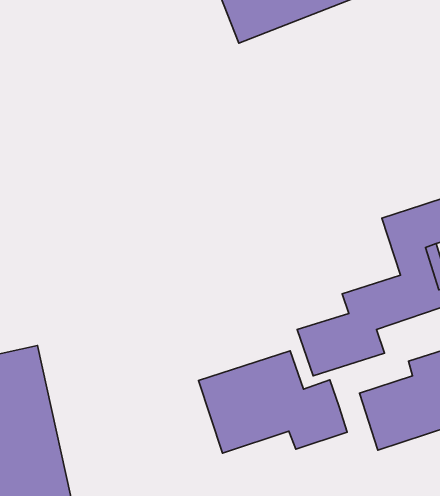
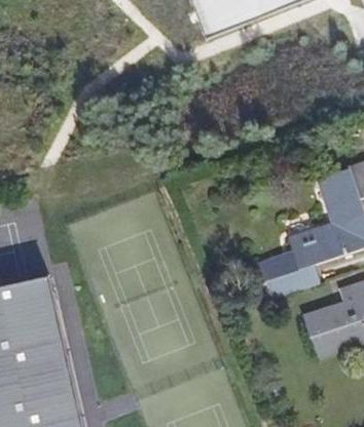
building: [199,351,347,453] -> none

